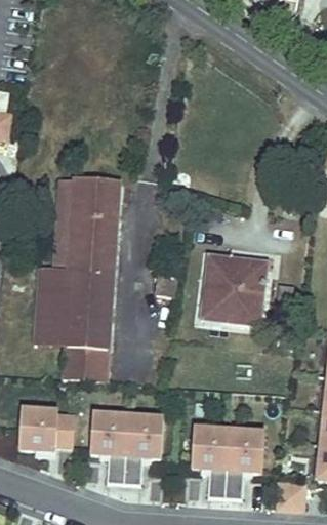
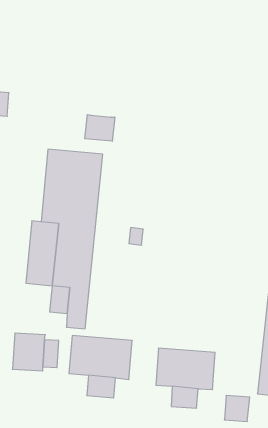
building: none -> [85,115,115,141]
building: [199,255,270,330] -> none

